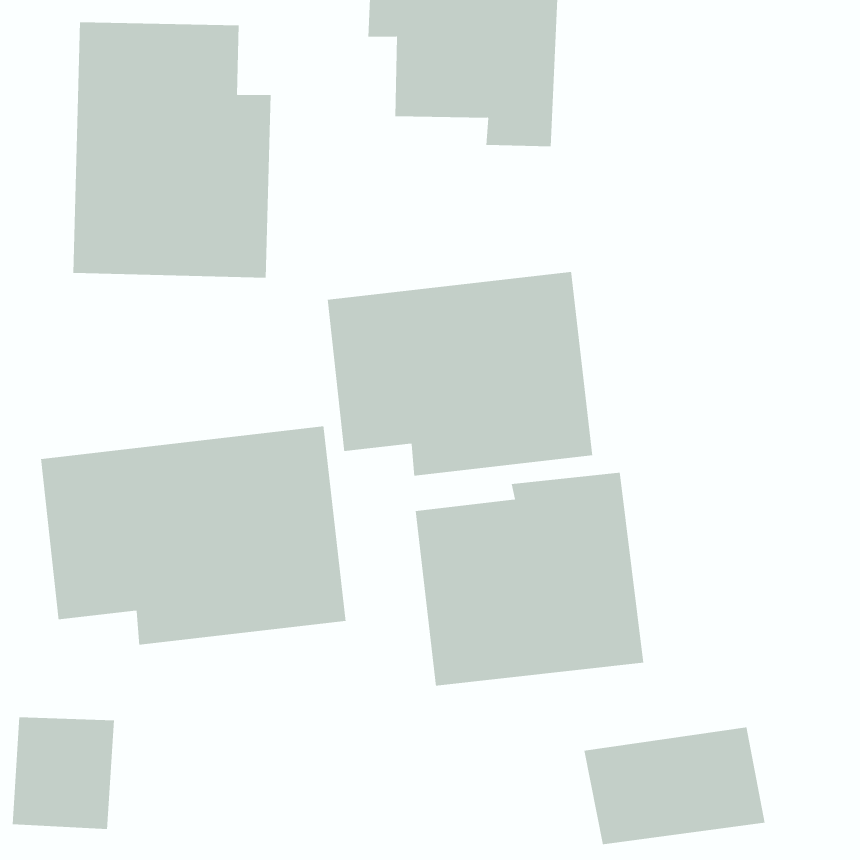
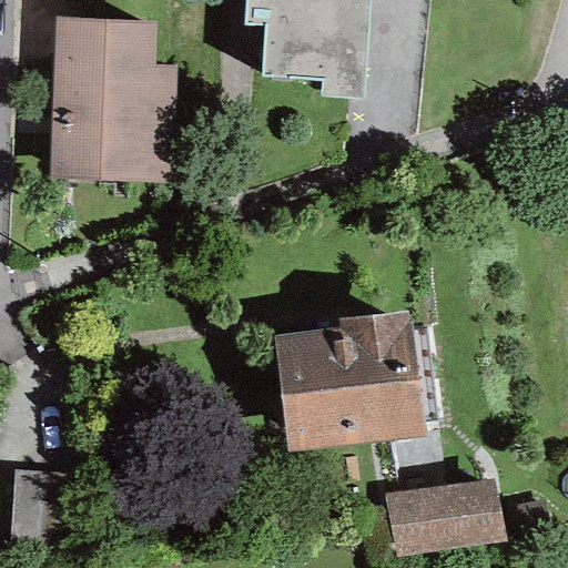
building: [327,271,593,477] -> none
building: [40,426,346,645] -> none

